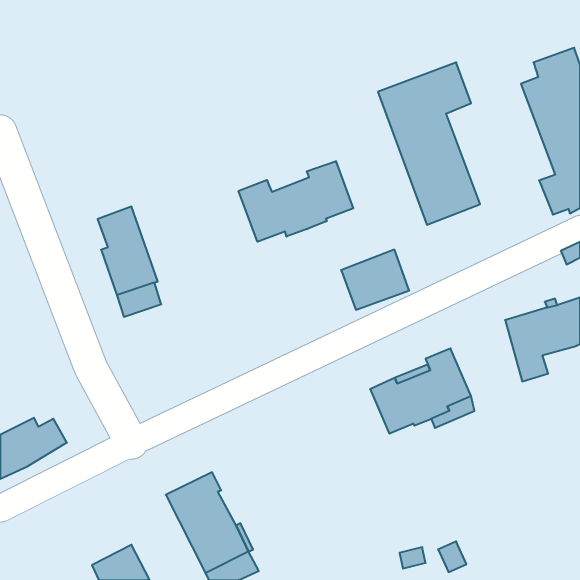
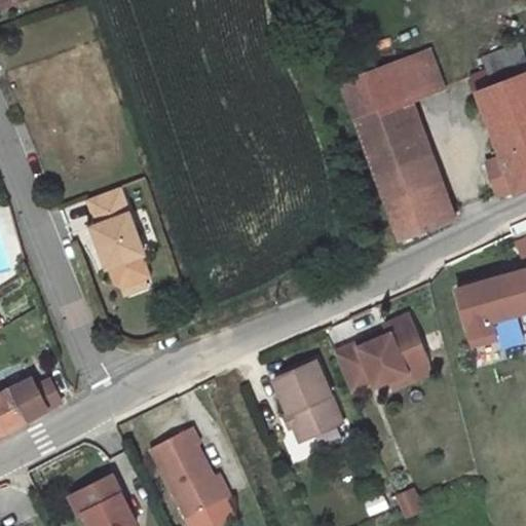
building: none -> [413,49,446,93]
building: [239,161,353,242] -> none
building: [341,250,409,310] -> [386,185,448,239]
building: none -> [273,362,343,442]
building: none -> [65,476,119,517]

